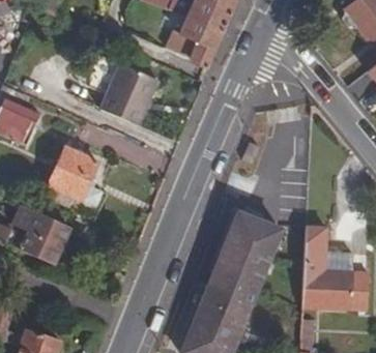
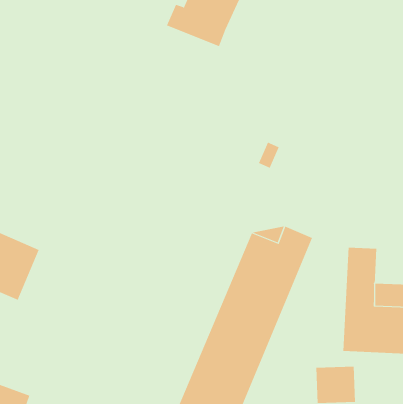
building: [100,60,158,122] -> none
building: [48,149,97,201] -> none

